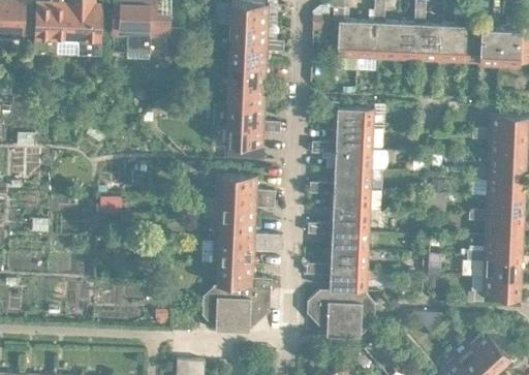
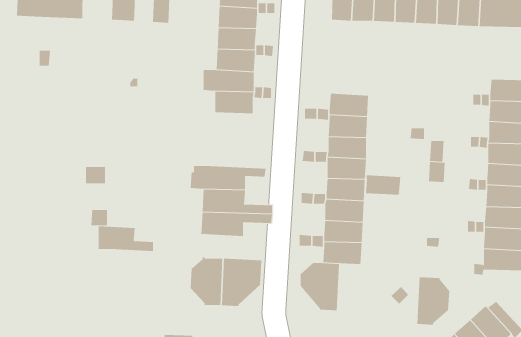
building: [324,101,374,129] -> none
building: [215,175,275,199] -> none
building: none -> [365,175,401,196]
building: [216,262,271,287] -> [97,226,154,252]
building: [343,290,375,337] -> [417,277,450,325]

